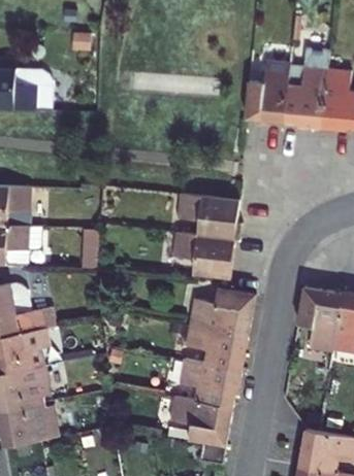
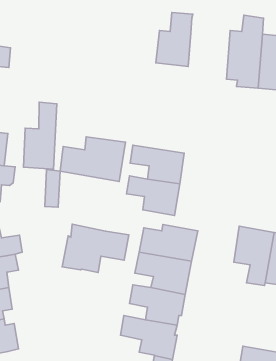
building: [250,60,292,122] -> [156,12,193,67]
building: none -> [23,102,57,169]
building: none -> [60,137,125,182]
building: none -> [62,224,129,272]

